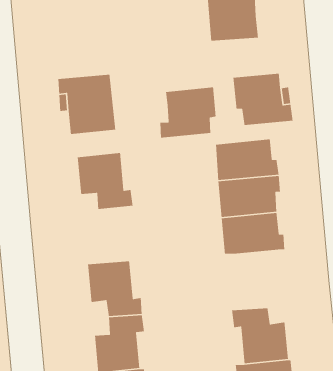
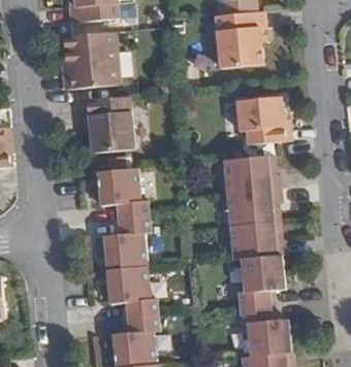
building: none -> [62,46,119,90]
building: [159,87,216,139] -> none
building: none -> [105,215,151,267]
building: none -> [236,255,283,308]

